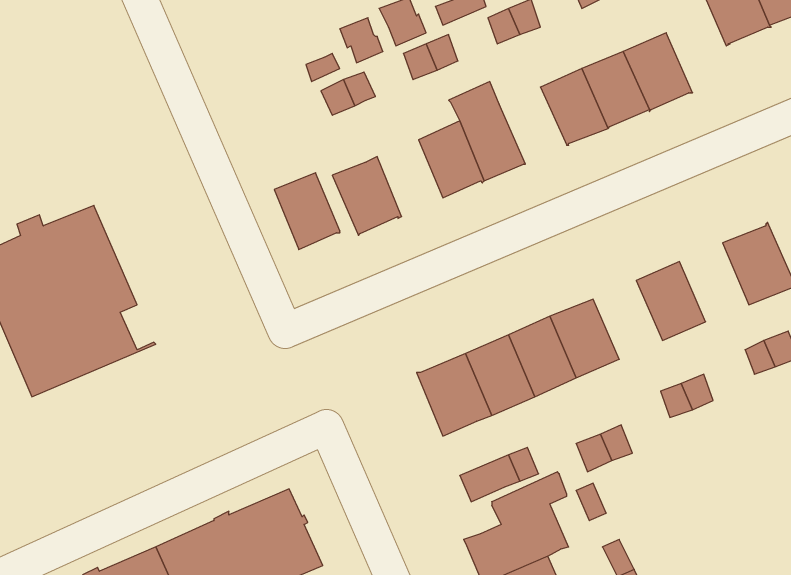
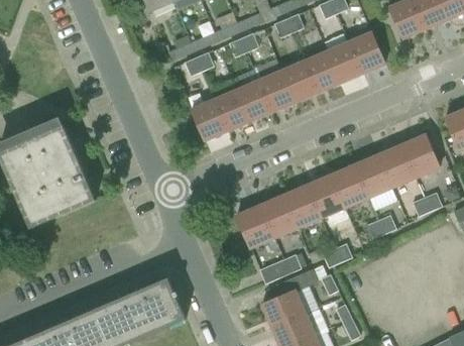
building: none -> [281,61,318,102]
building: [274,173,340,250] -> [216,89,251,130]
building: none -> [378,144,416,187]
building: none -> [332,164,369,207]

